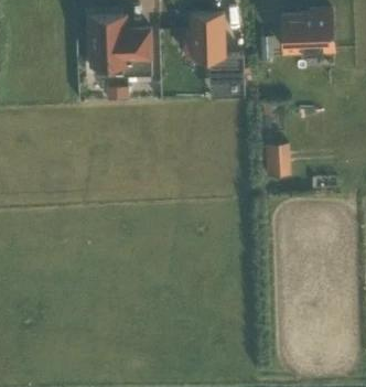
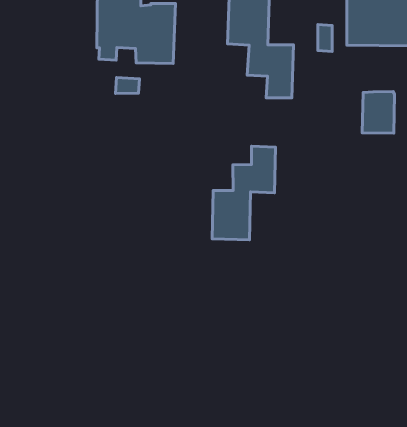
building: none -> [212,146,275,240]
building: [266,142,291,175] -> [362,92,395,133]

